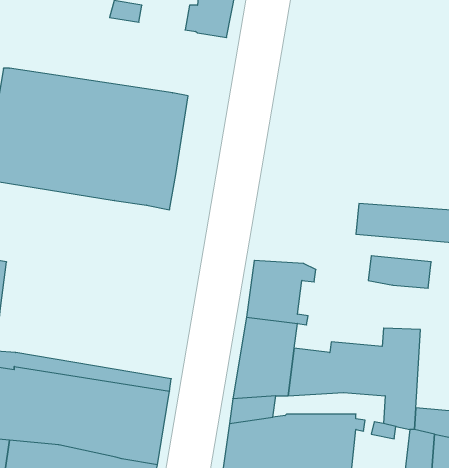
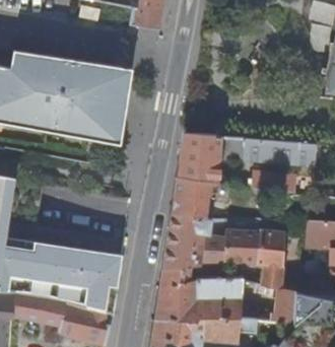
building: none -> [177,133,222,183]

